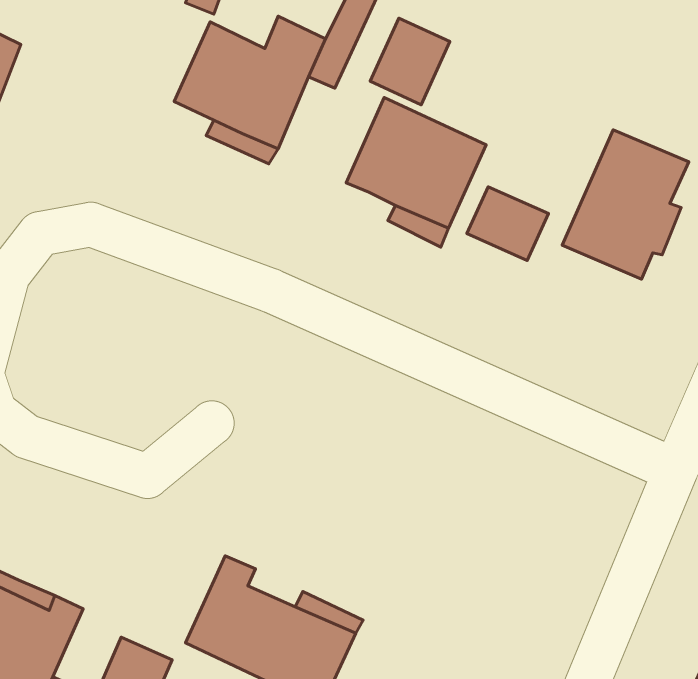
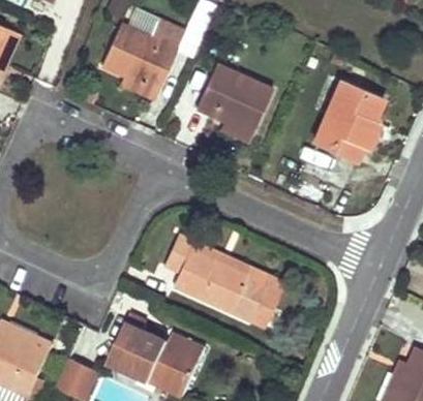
building: [370,18,450,105] -> none
building: [467,187,548,261] -> none
building: none -> [164,233,282,329]

